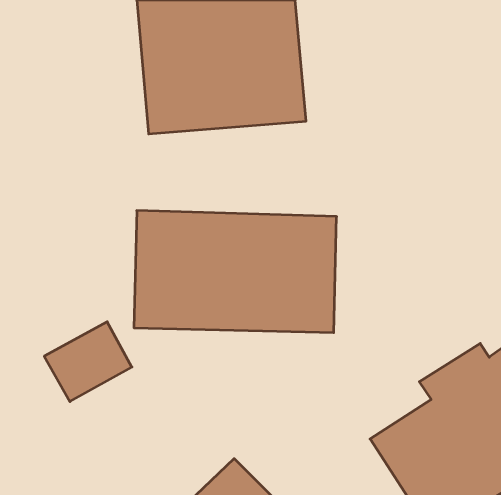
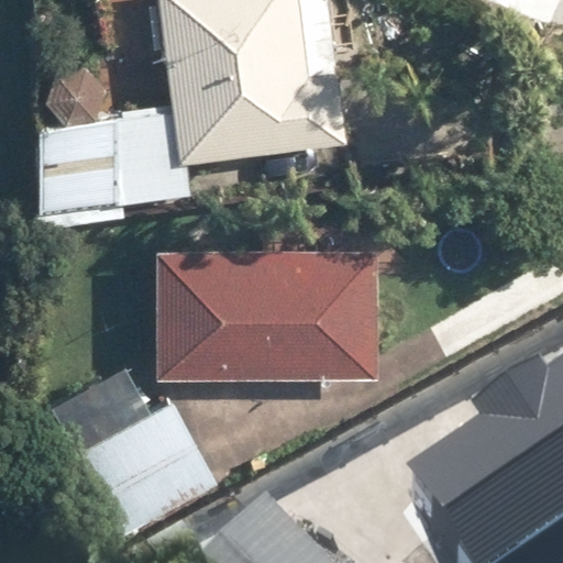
building: none -> [36,114,151,220]
building: none -> [80,406,222,544]

